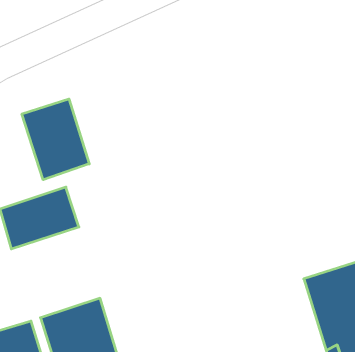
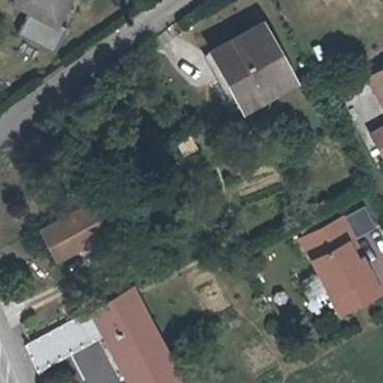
building: none -> [210,20,294,106]
building: [22,99,89,180] -> none

